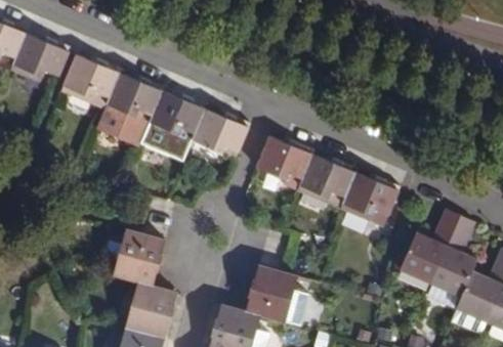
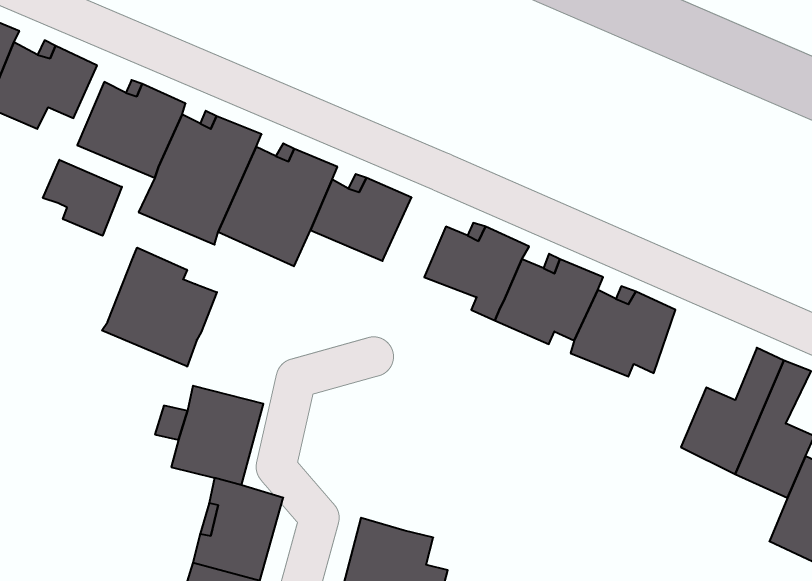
building: none -> [43,160,122,236]
building: none -> [102,248,217,367]
building: [245,265,308,327] -> none

